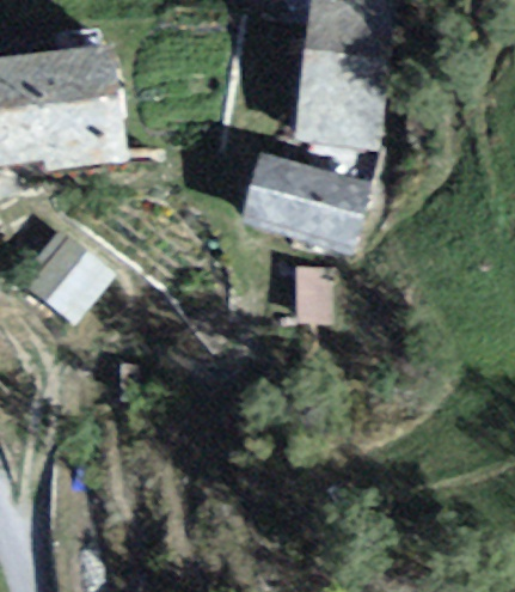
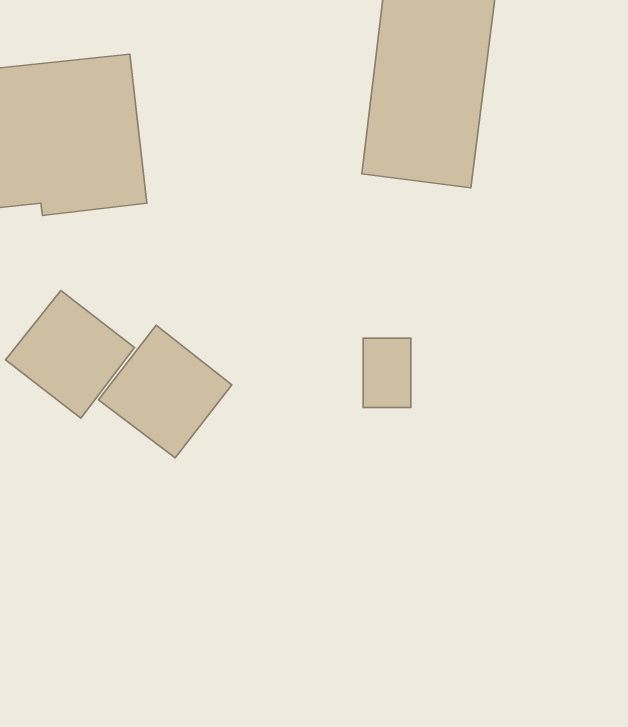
building: [239,149,370,254] -> none
building: none -> [98,325,232,458]

